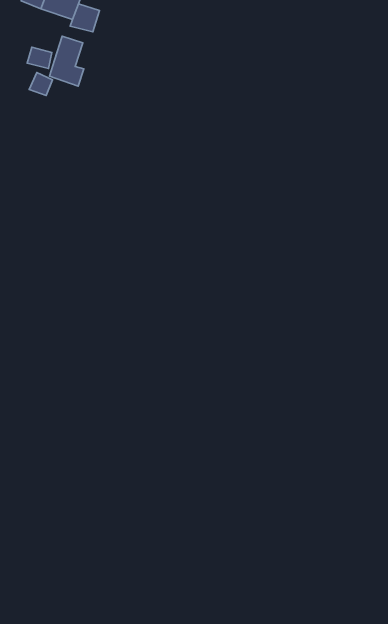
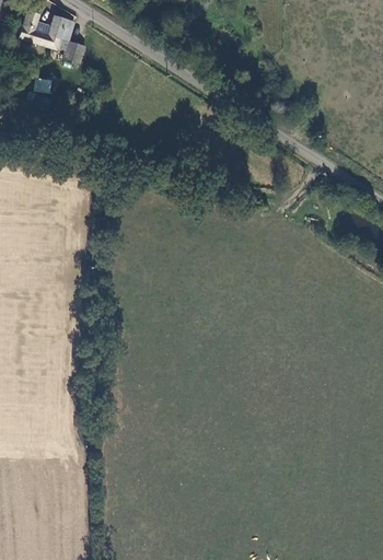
building: [50,36,84,86] -> none

